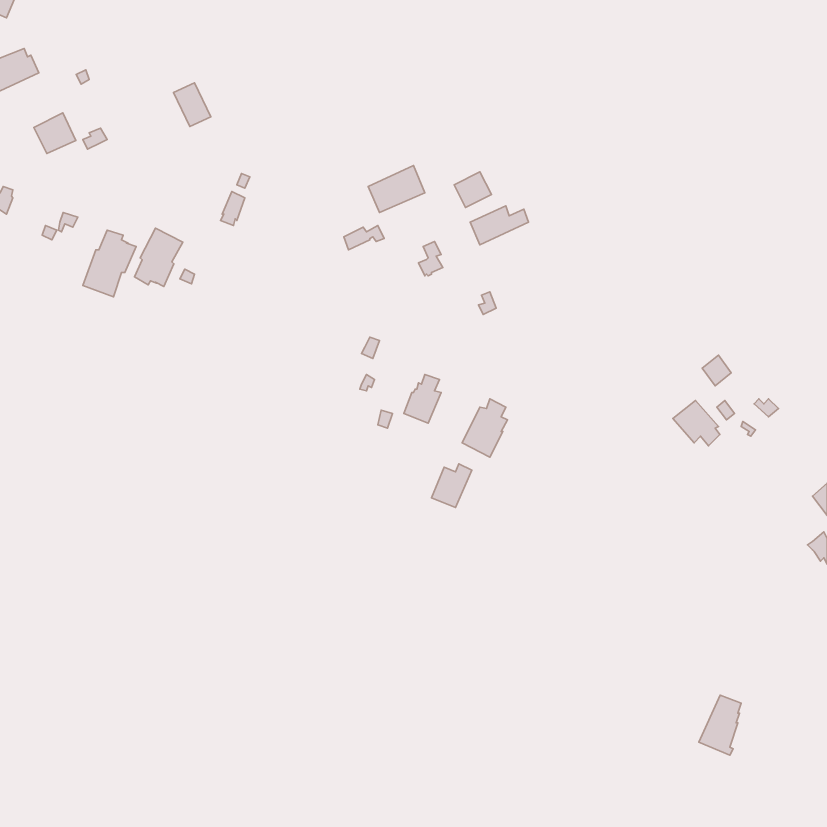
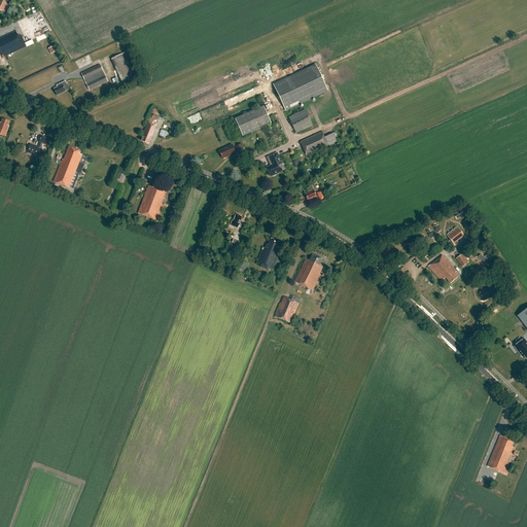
building: none -> [273,64,326,110]
building: [34,113,76,154] -> [80,64,107,90]
building: [135,228,183,287] -> none
building: none -> [137,185,165,220]
building: [699,695,741,755] -> [486,435,513,473]

